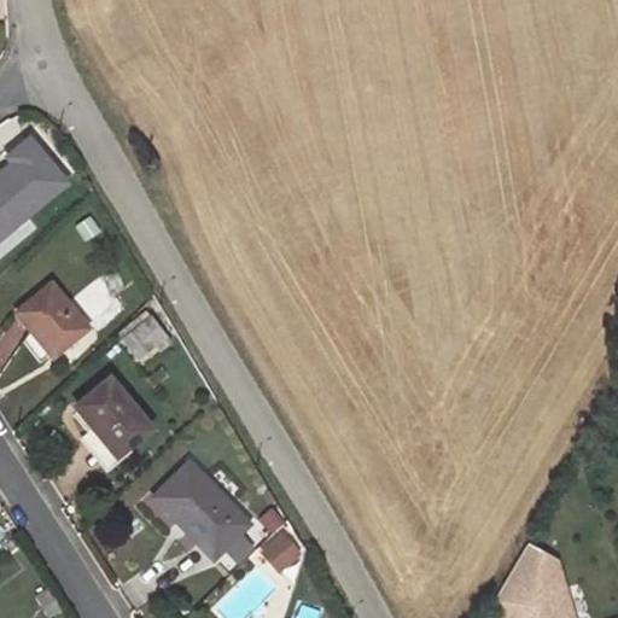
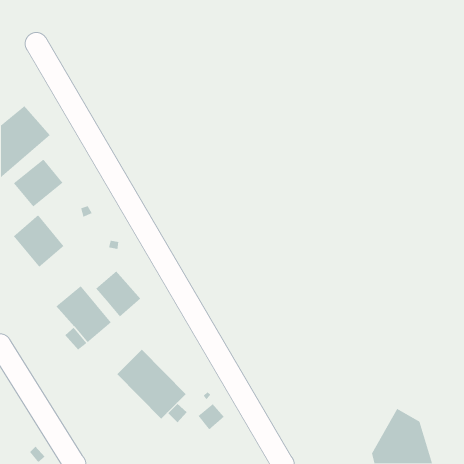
building: none -> [13,159,64,207]
building: none -> [95,270,141,318]

